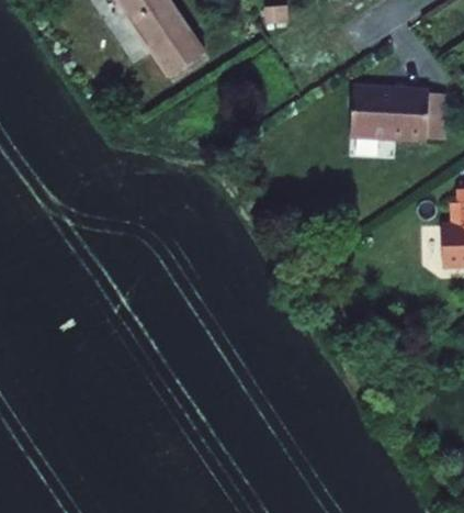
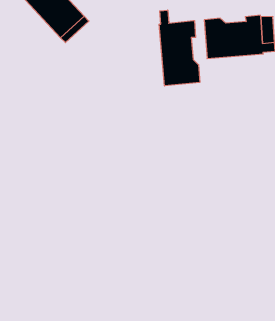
building: none -> [159,10,200,86]

